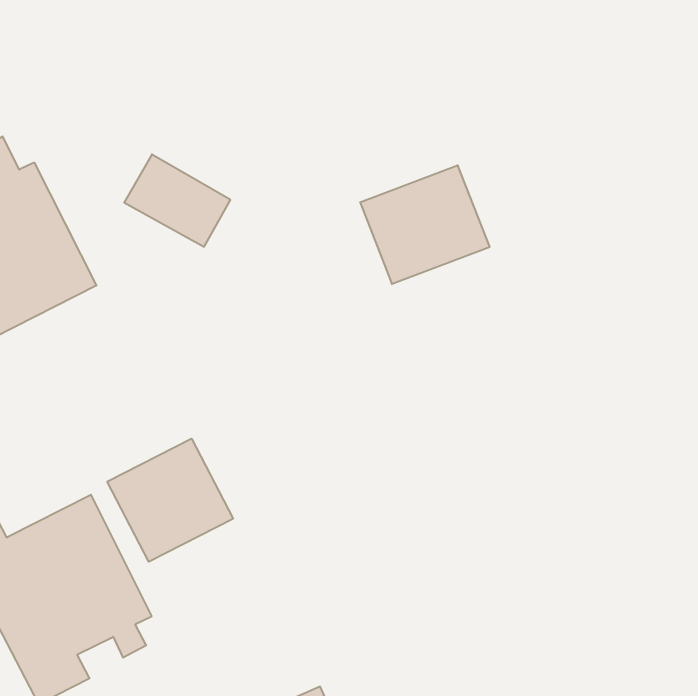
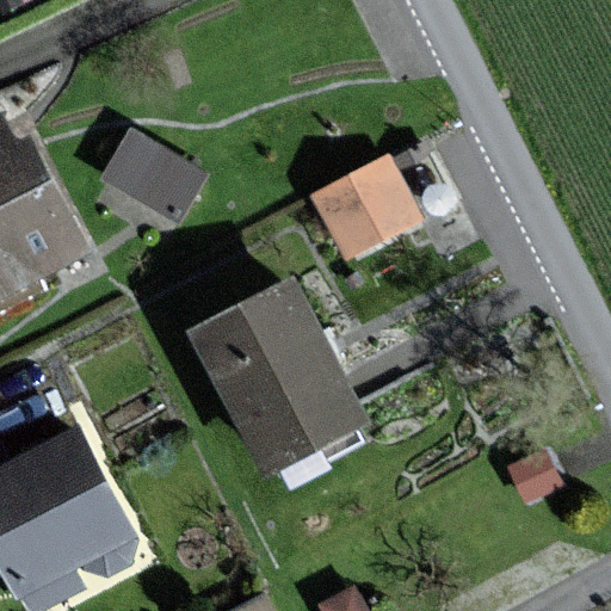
building: none -> [199,291,362,470]
building: [107,439,233,562] -> none

